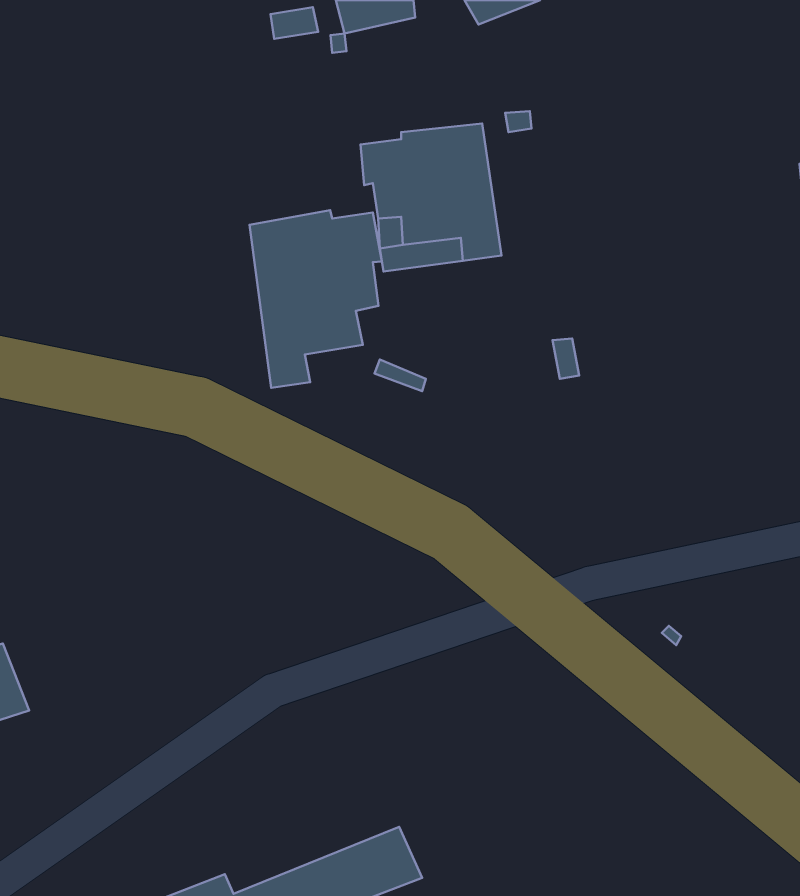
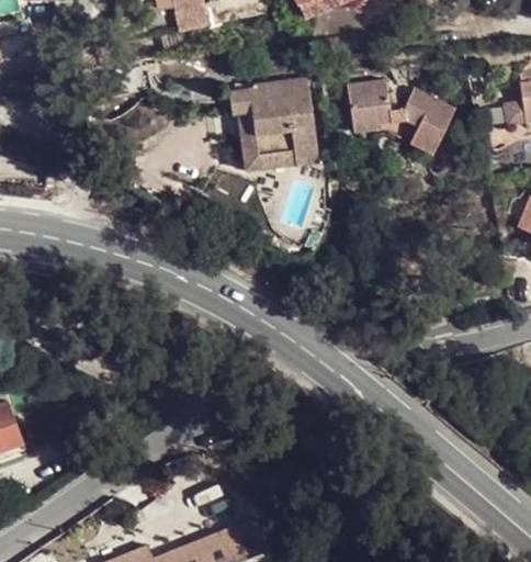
building: none -> [348,80,454,150]
building: [249,210,382,388] -> none

